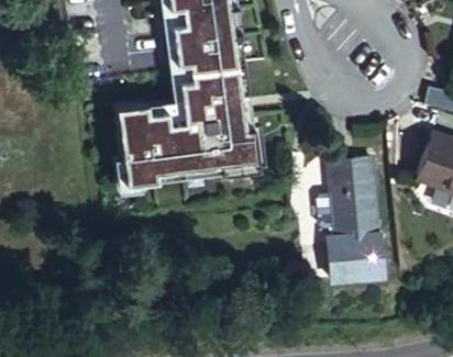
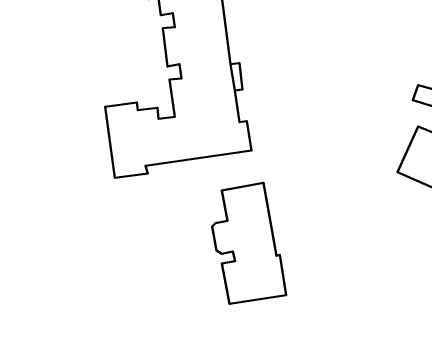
building: [303,163,378,285] -> [212,183,286,304]

